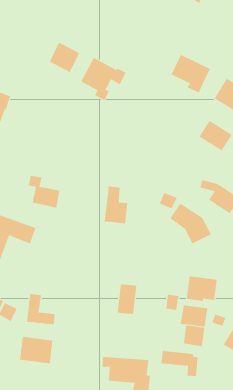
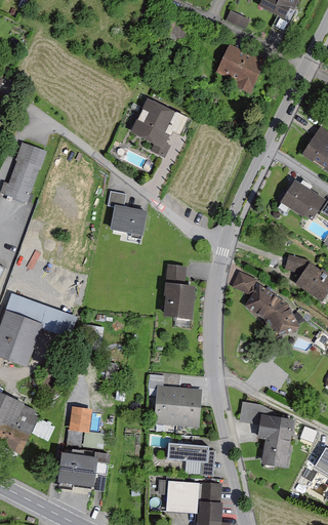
building: [49,42,80,73] -> none
building: [171,54,210,93] -> [216,44,266,93]
building: [28,175,60,208] -> [106,191,147,233]
building: [186,275,217,301] -> none
building: none -> [154,386,182,425]
building: [161,351,199,377] -> [166,442,214,475]

